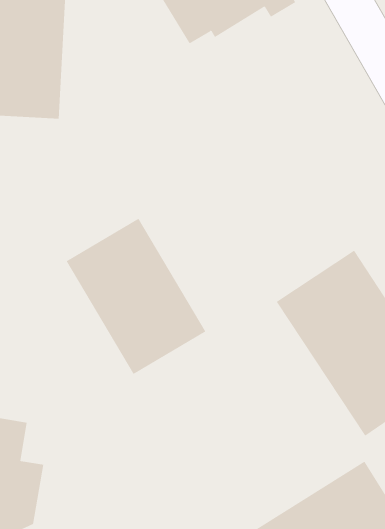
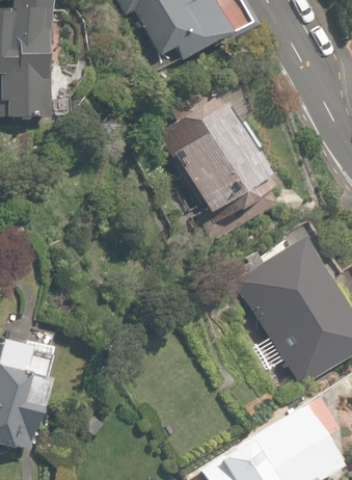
building: none -> [154,88,281,229]
building: [66,218,206,375] -> none

